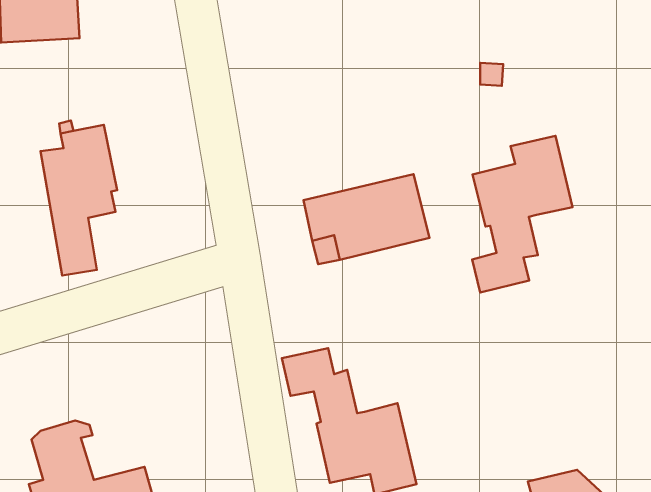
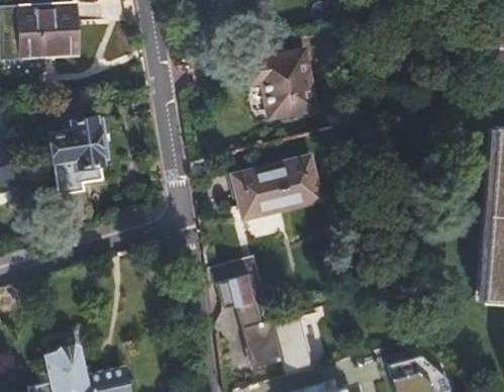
building: none -> [246,50,318,119]
building: [472,136,572,293] -> none
building: none -> [208,258,264,293]

